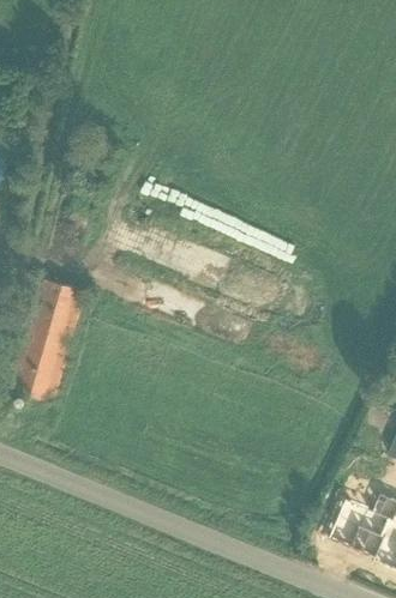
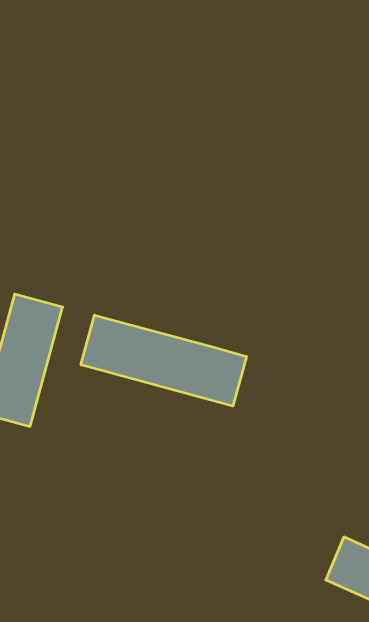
building: none -> [81,315,246,406]

